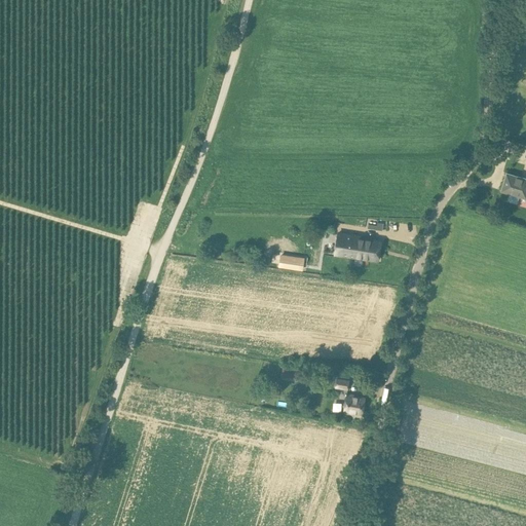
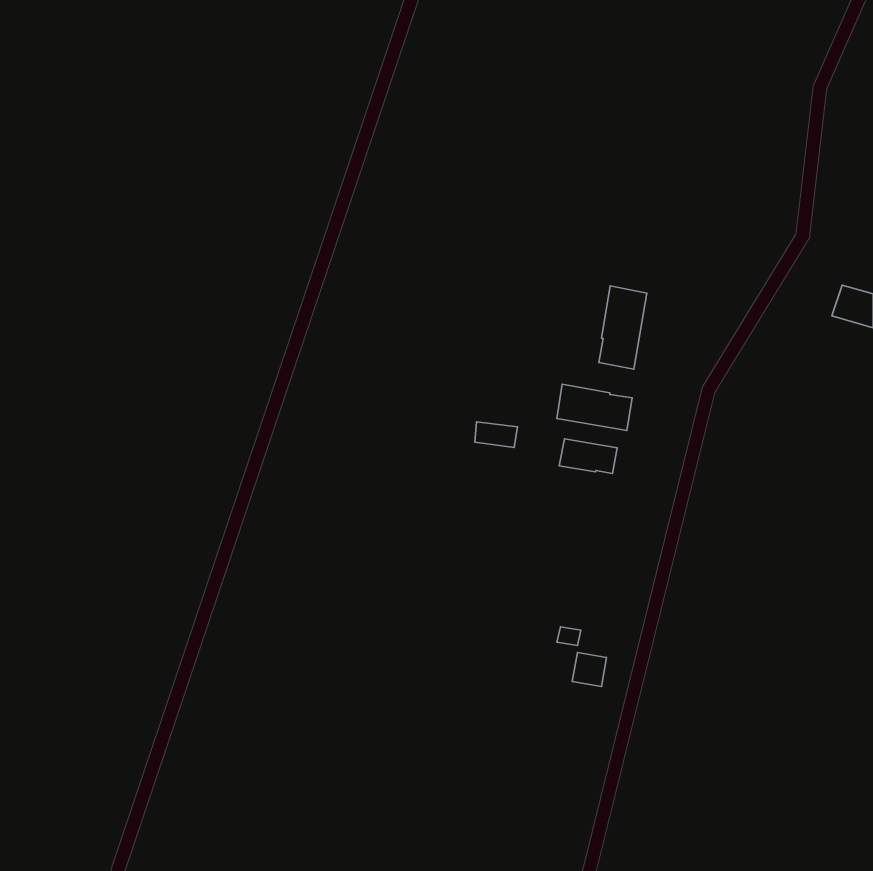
building: none -> [599,286,647,369]
building: none -> [559,439,617,474]

